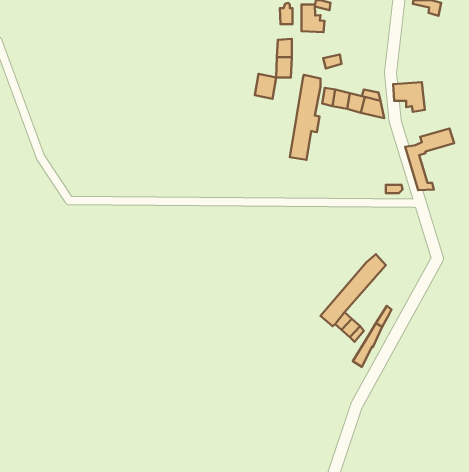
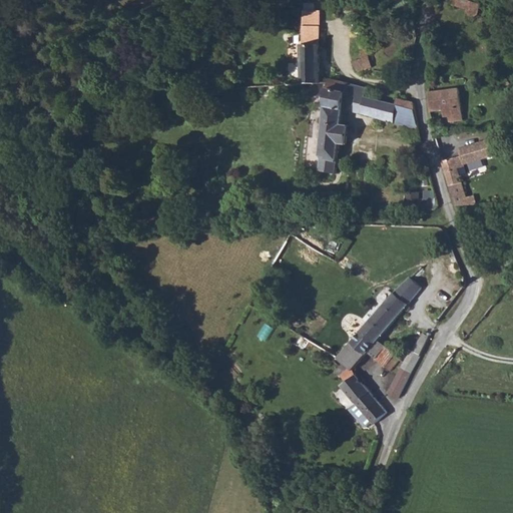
building: [301,4,324,32] -> none
building: [255,74,276,99] -> none
building: none -> [331,343,385,424]

